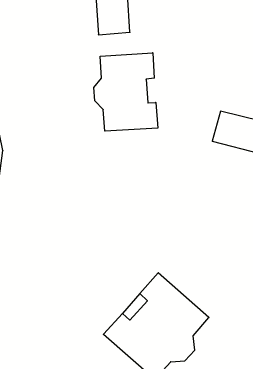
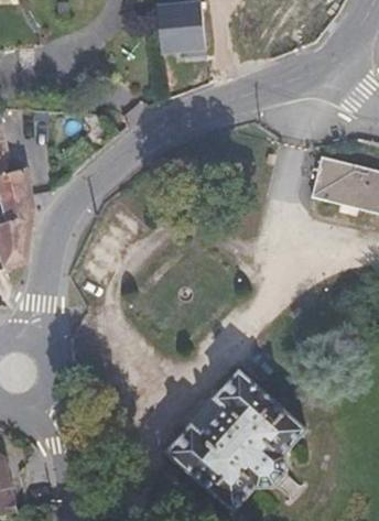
building: [94,53,158,131] -> none

